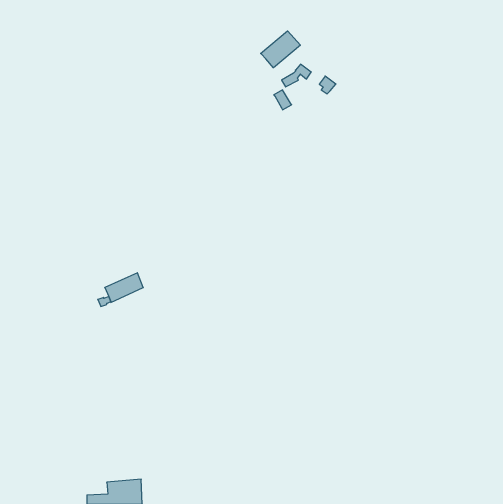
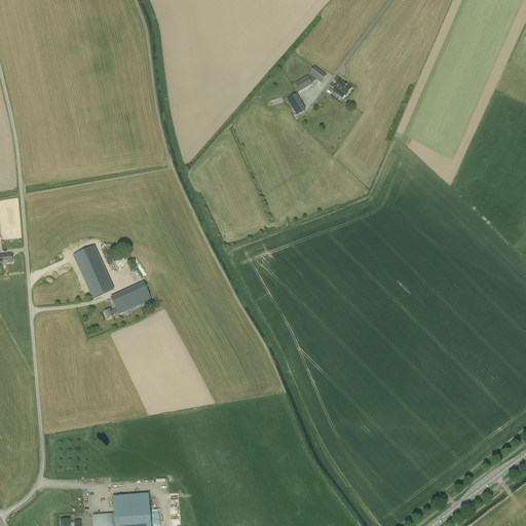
building: [261,31,300,68] -> none
building: none -> [81,242,120,294]

